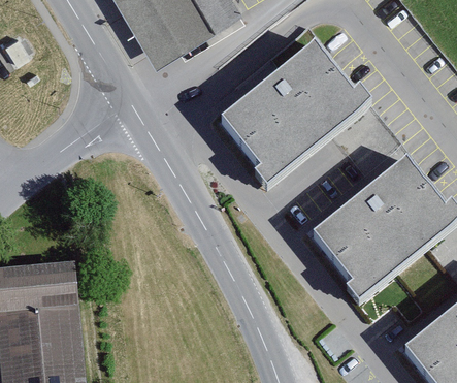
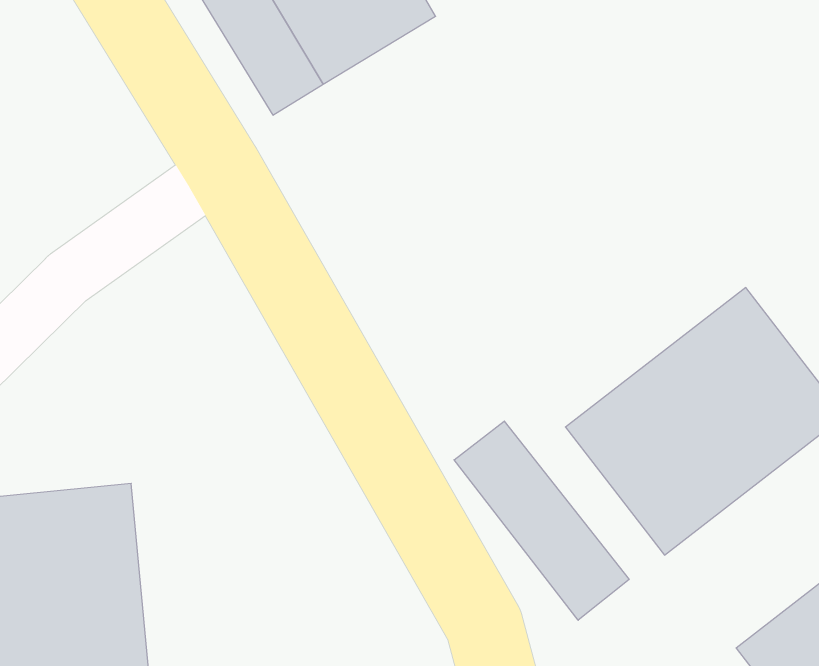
building: [211,38,364,182] -> none
building: none -> [454,421,629,620]

